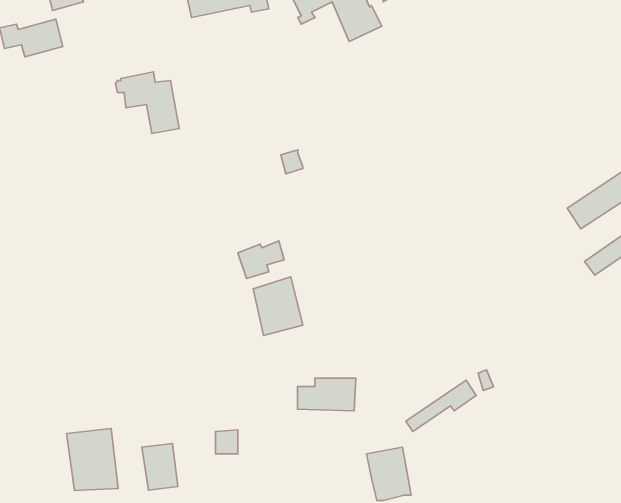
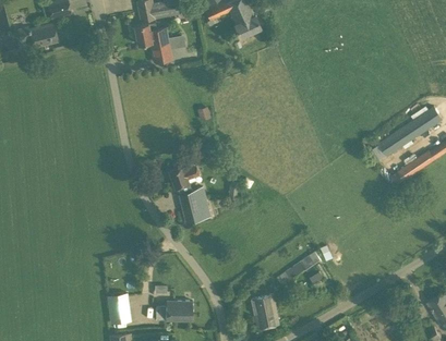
building: [116,72,179,134] -> [131,22,171,61]
building: [298,378,356,411] -> [156,301,193,321]
building: [66,429,118,491] -> none

